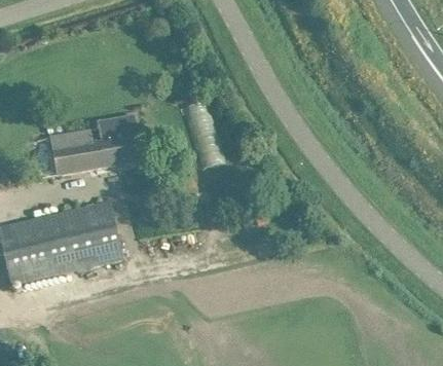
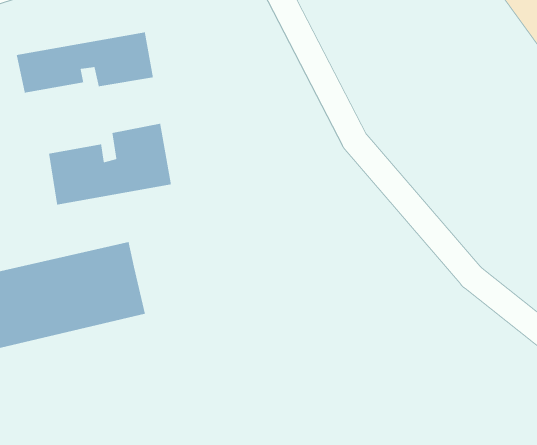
building: none -> [16,31,154,93]

